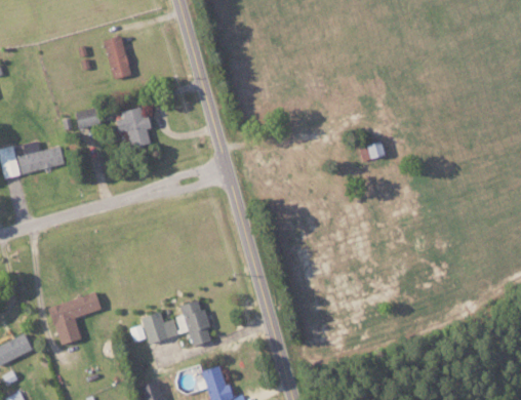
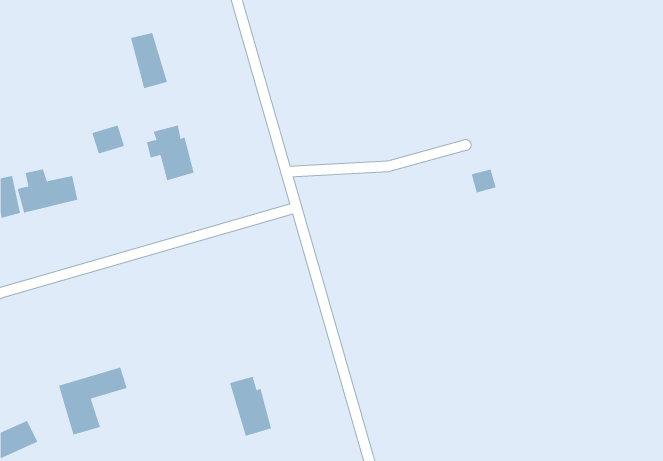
building: [130,312,177,343] -> none

